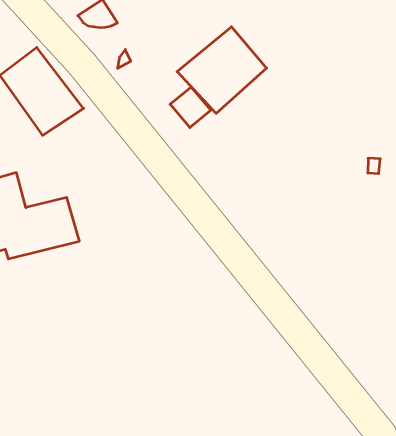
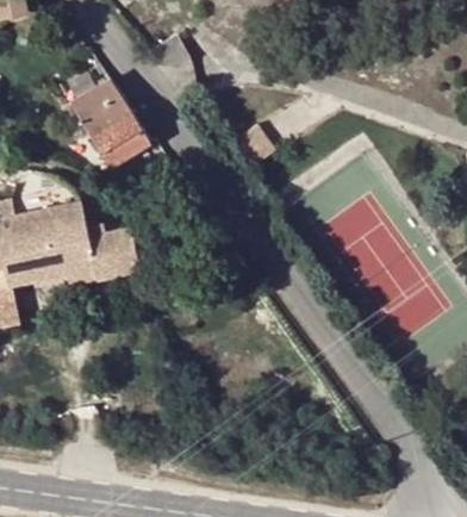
building: [177,27,267,113] -> none

